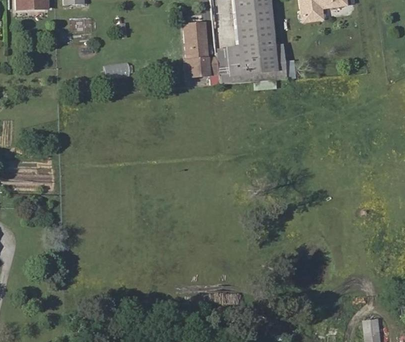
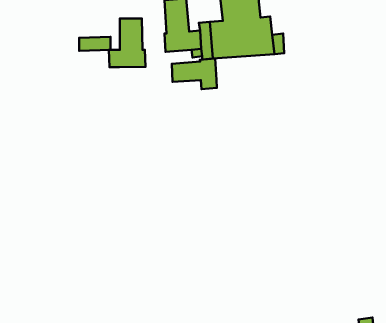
building: none -> [109,18,145,67]
building: none -> [172,58,217,89]

